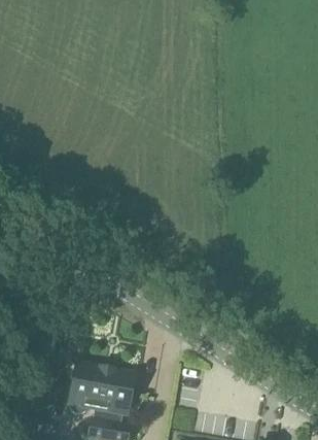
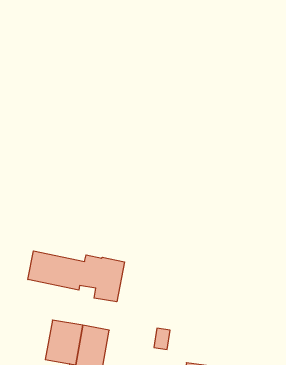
building: none -> [28,251,124,302]

